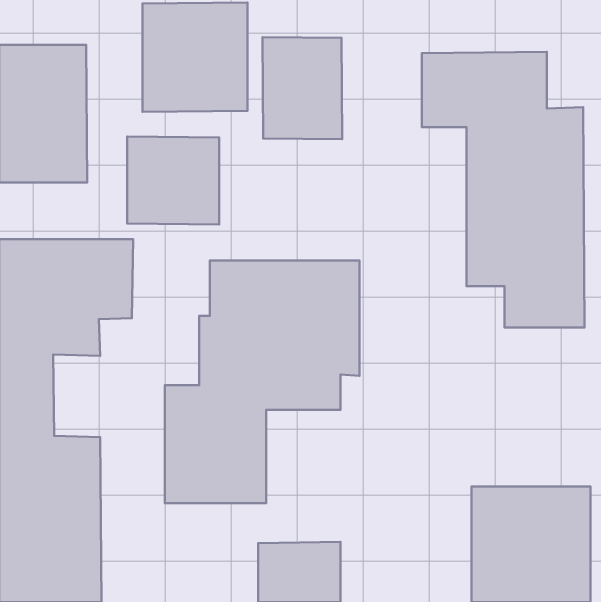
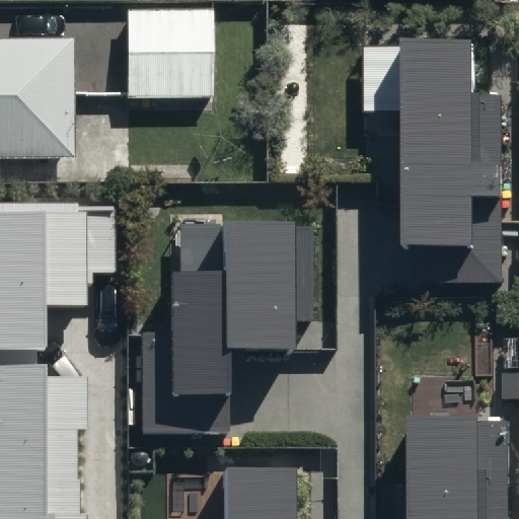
building: [262,37,342,139] -> none
building: [127,136,219,225] -> none

